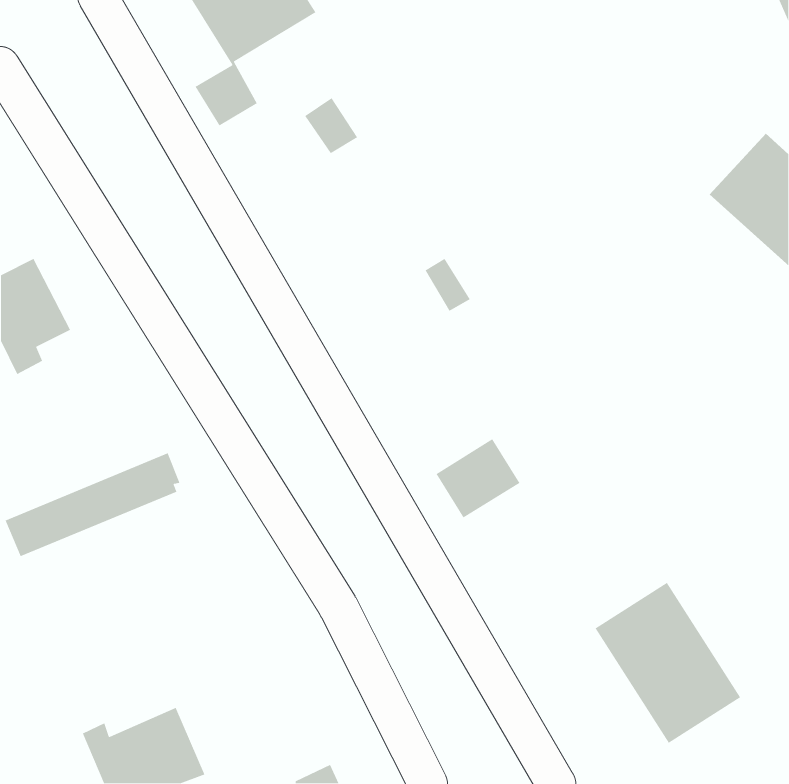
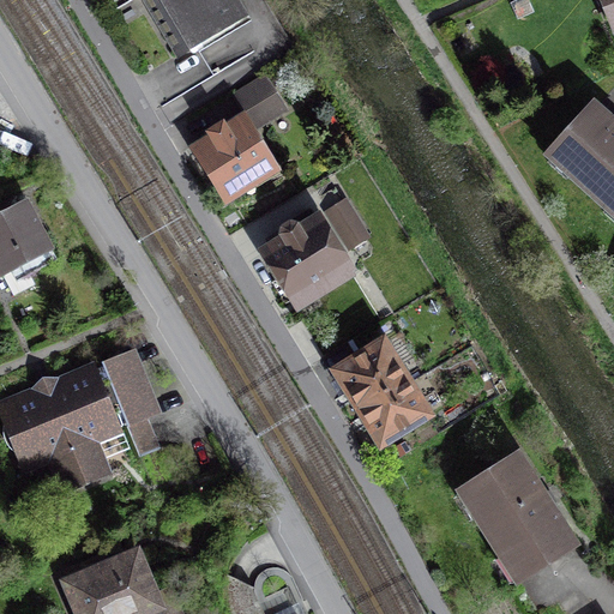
building: none -> [194,113,271,193]
building: none -> [266,205,349,297]
building: none -> [360,375,426,438]
building: none -> [16,383,159,484]

